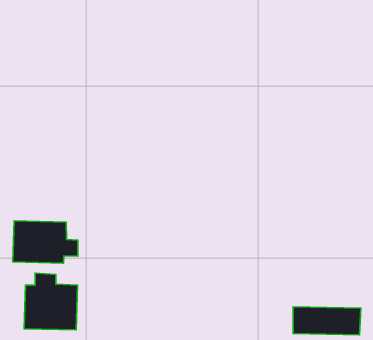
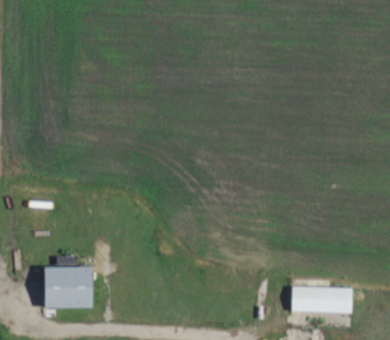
building: [13,221,78,263] -> none

